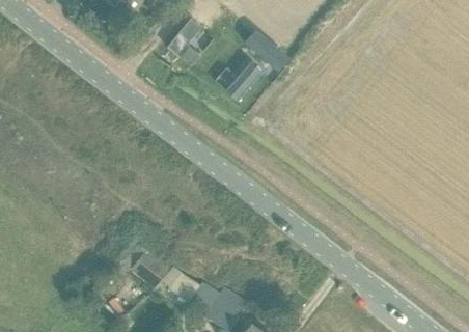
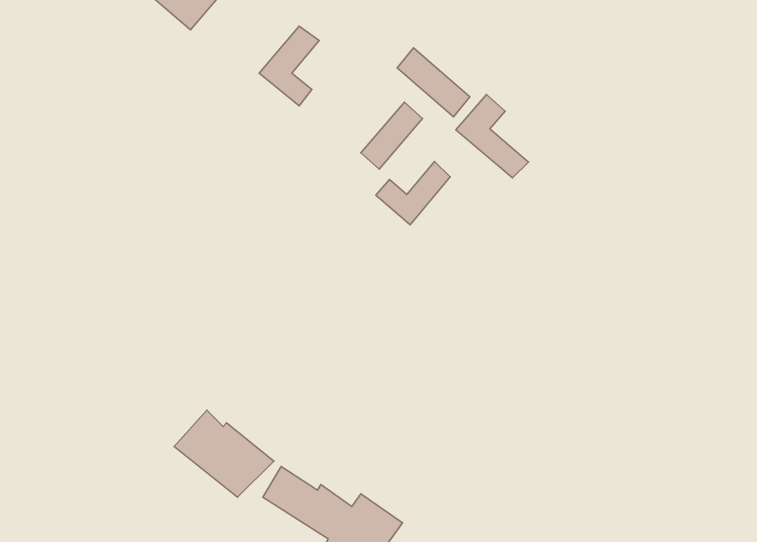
building: none -> [456,95,529,178]
building: none -> [376,162,450,225]

